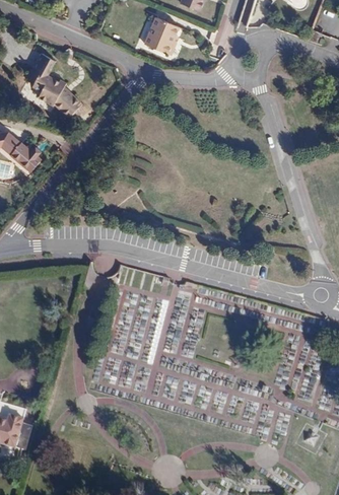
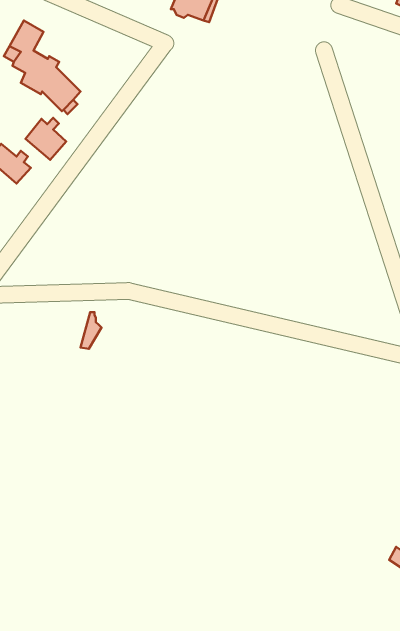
building: none -> [25,118,66,160]

